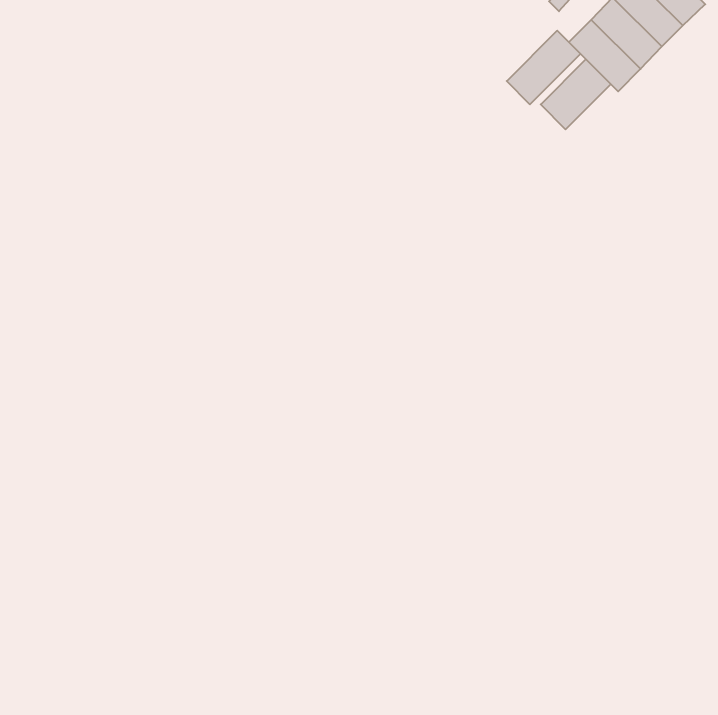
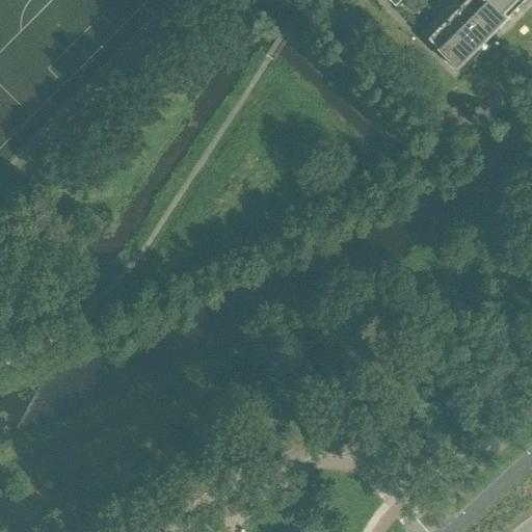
building: [507,31,580,104] -> none
building: [541,59,611,129] -> none

